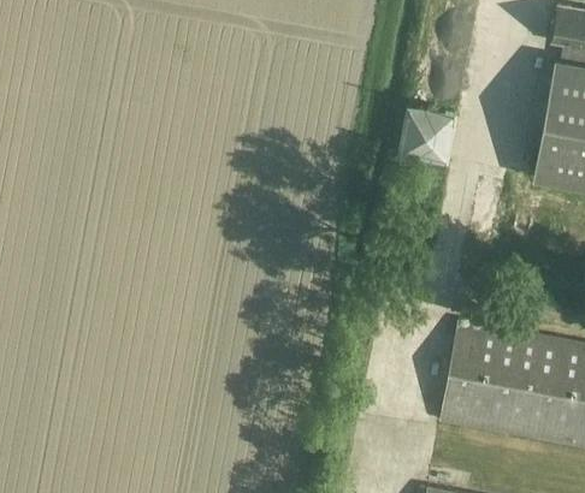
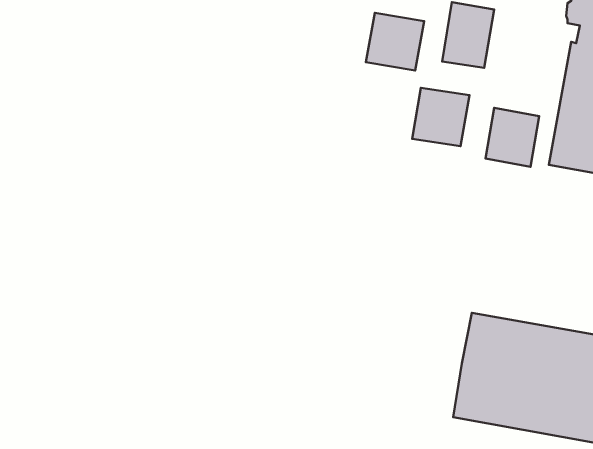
building: none -> [366,13,424,70]
building: none -> [486,108,539,167]

